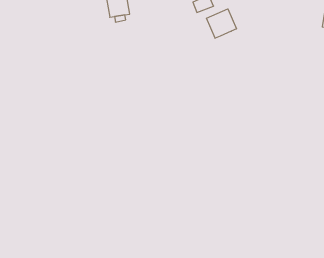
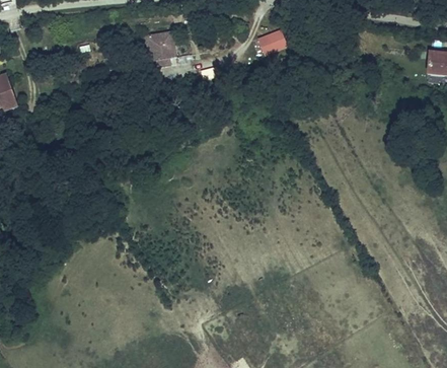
building: [207,9,236,38] -> none

